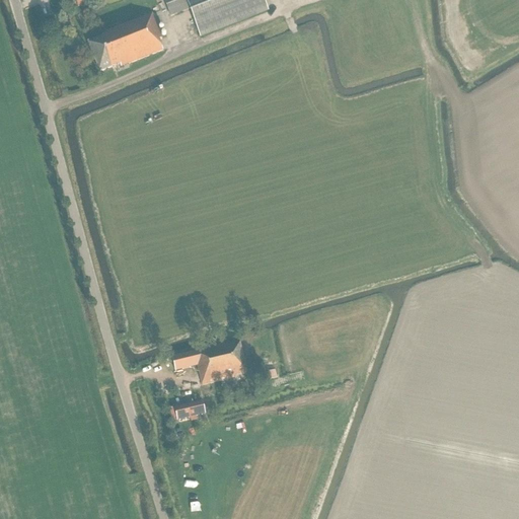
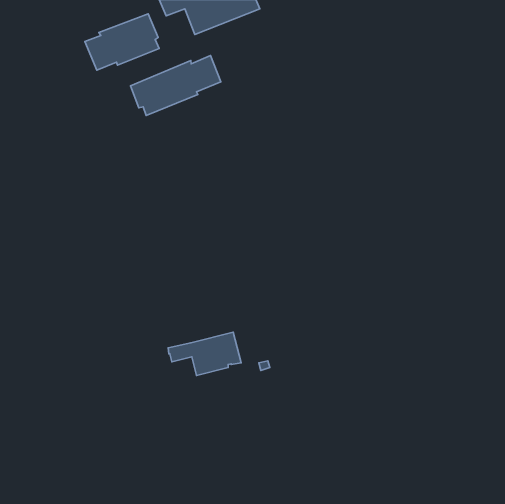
building: none -> [130,55,221,115]
building: [175,399,205,421] -> none

